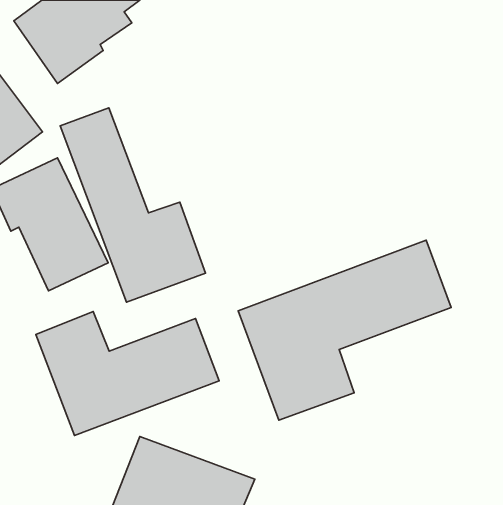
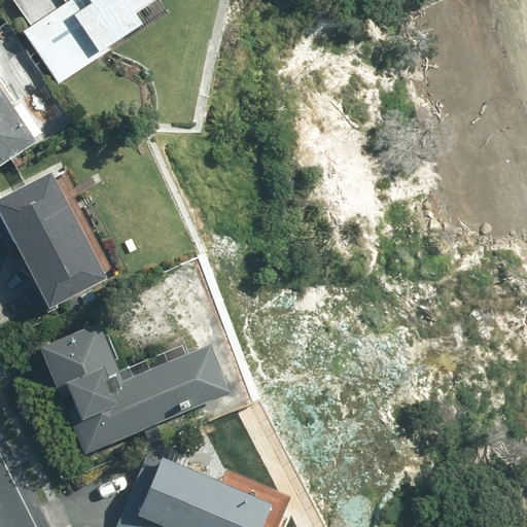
building: [60,108,206,302] -> none
building: [238,240,451,420] -> none

